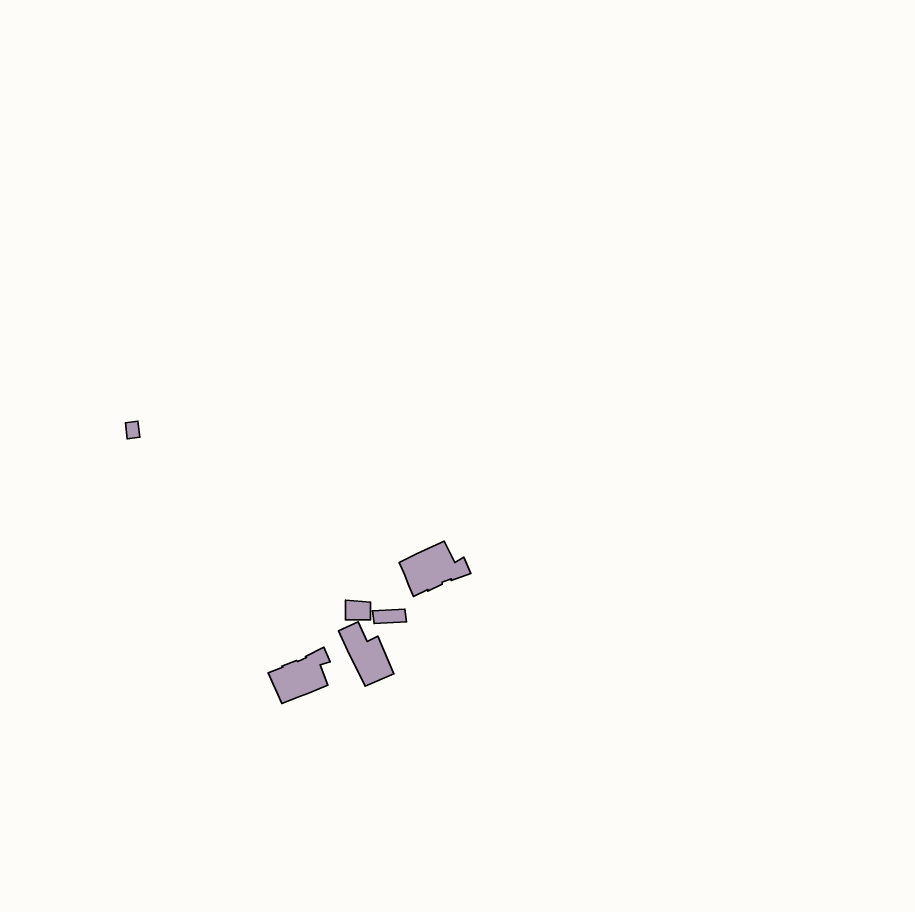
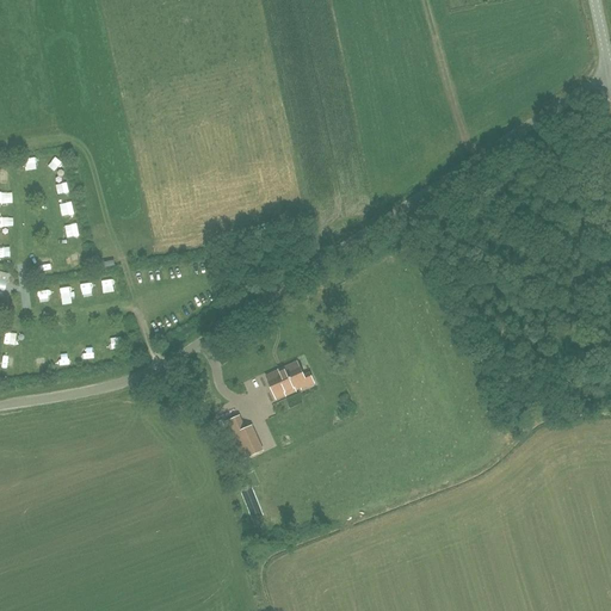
building: [268,647,330,703] -> none

